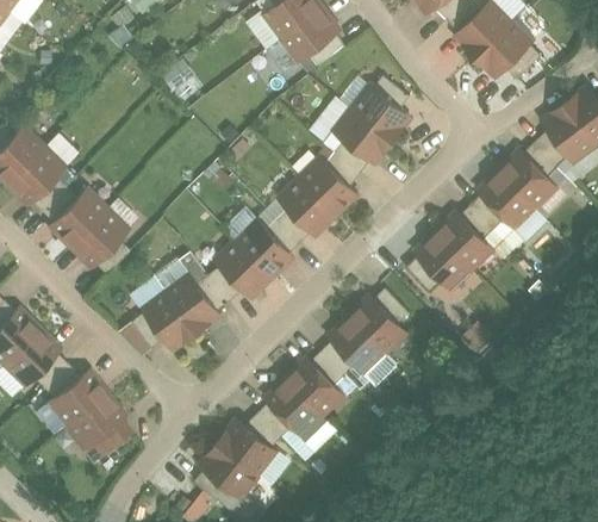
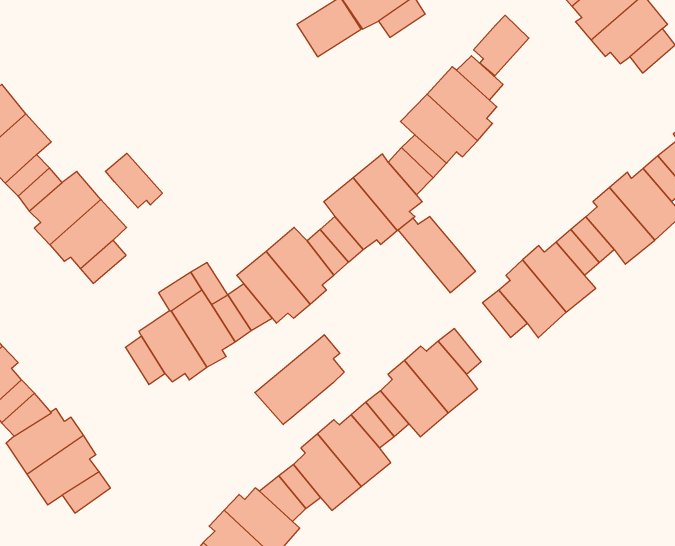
building: none -> [474,15,529,76]
building: none -> [105,153,162,208]
building: none -> [398,216,475,293]
building: none -> [255,335,344,425]

